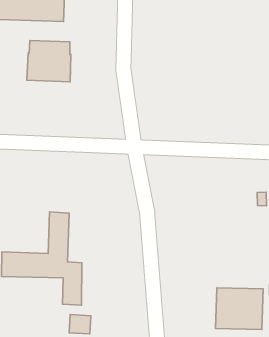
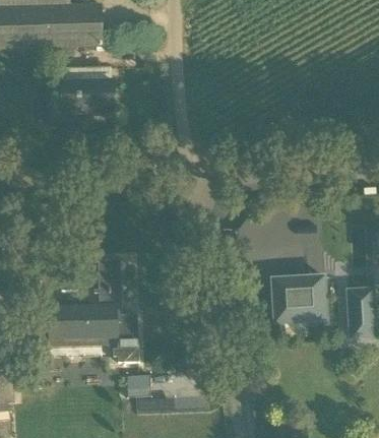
building: [216,288,263,329] -> [271,278,324,326]

